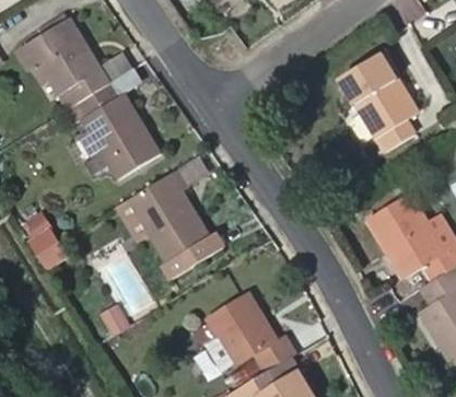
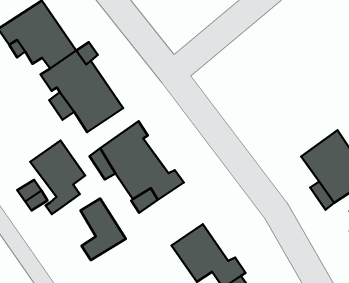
building: [340,51,420,151] -> none
building: none -> [30,140,85,214]

